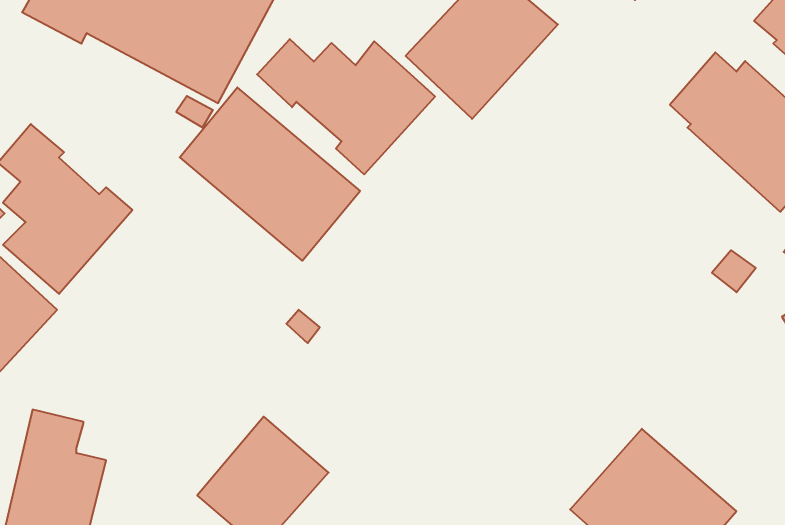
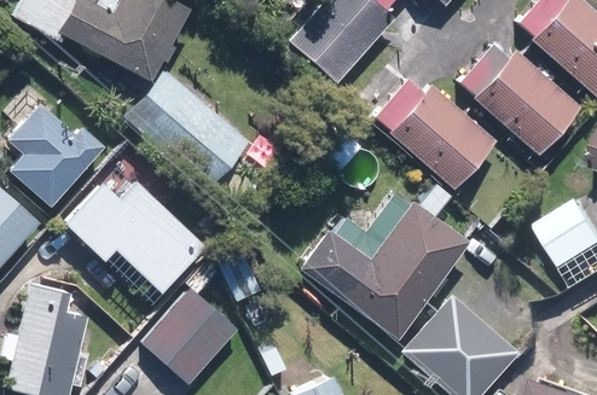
building: [257,39,435,174] -> none
building: none -> [383,76,500,185]
building: none -> [71,186,201,292]
building: none -> [297,187,466,341]

